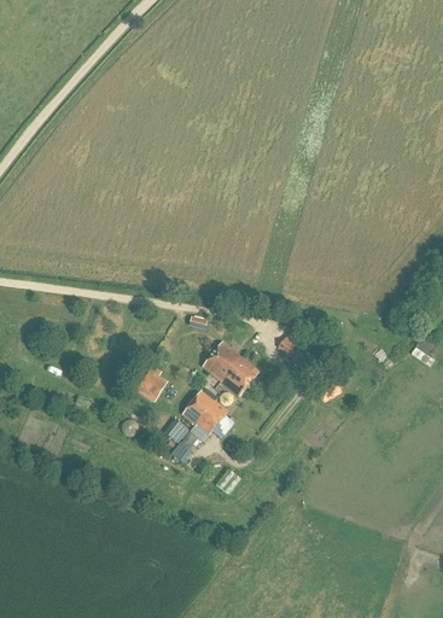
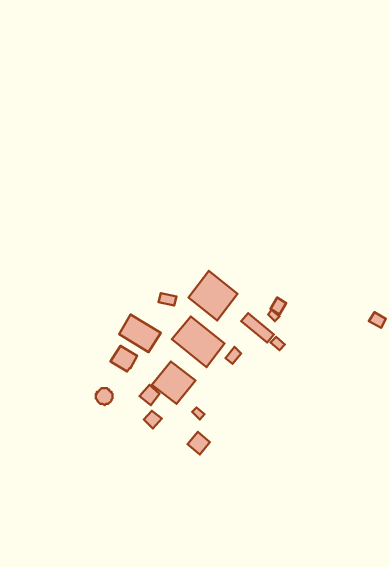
building: none -> [188,271,237,321]
building: none -> [119,314,161,352]

